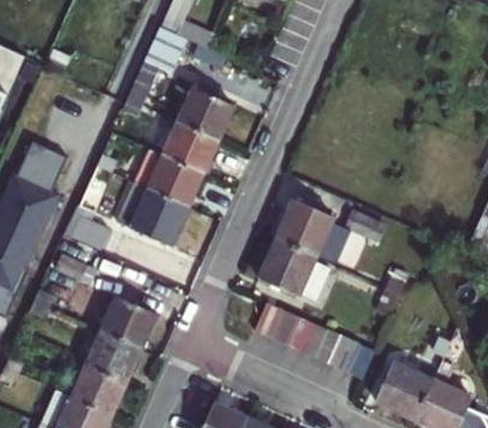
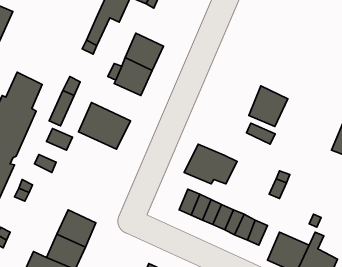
building: [134,150,202,208] -> none
building: [280,200,334,256] -> [249,86,288,127]
building: [102,296,156,348] -> none

